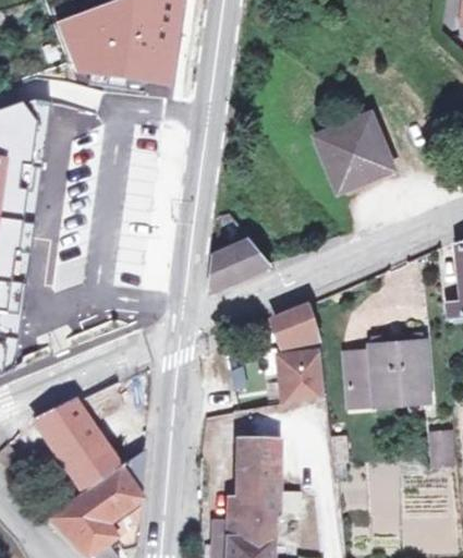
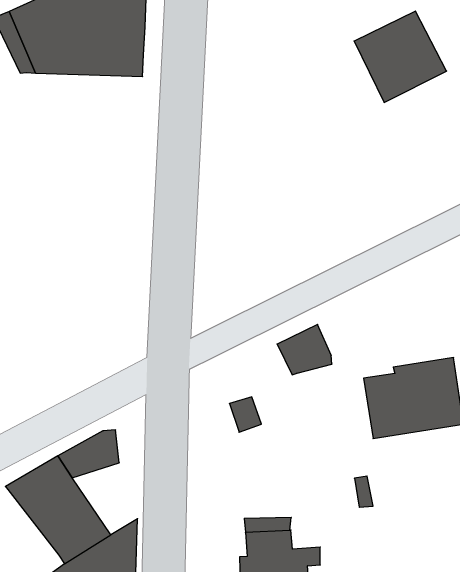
building: [314,114,391,191] -> [354,11,447,102]
building: [210,240,268,288] -> none
building: [279,338,326,403] -> none
building: [233,441,273,466] -> none

